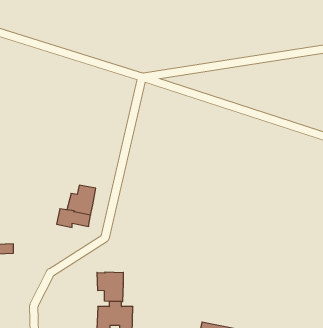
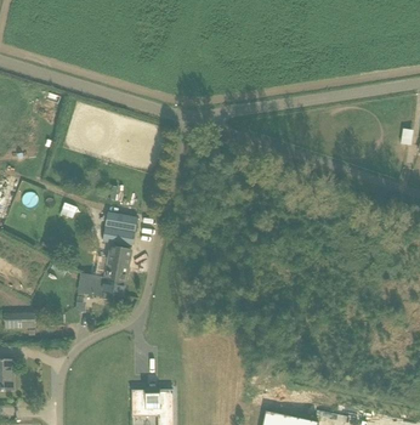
building: none -> [102,210,136,245]
building: [97,272,123,302] -> none

